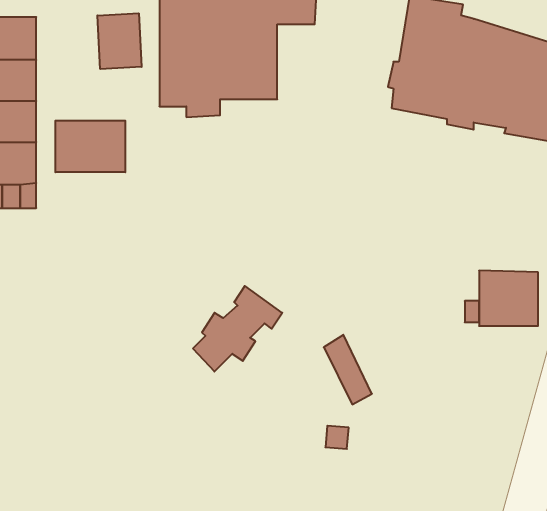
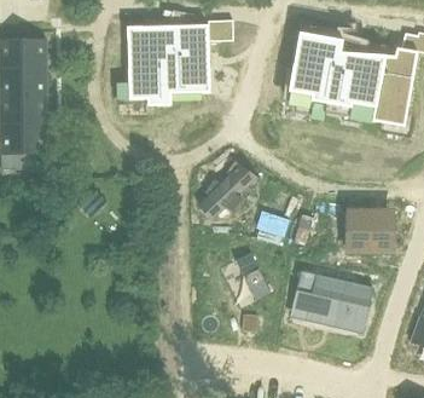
building: [97,13,142,69] -> none
building: [55,121,125,172] -> none
building: [193,286,282,372] -> [198,160,259,218]
building: none -> [295,270,372,325]

